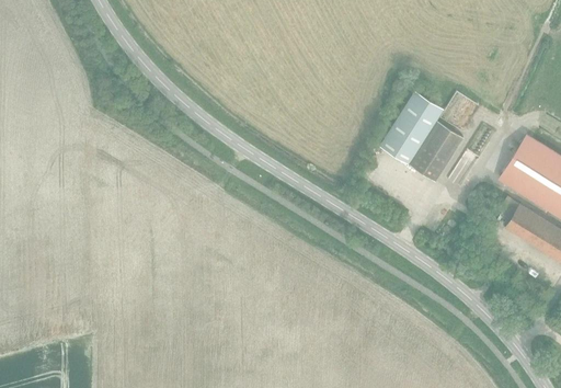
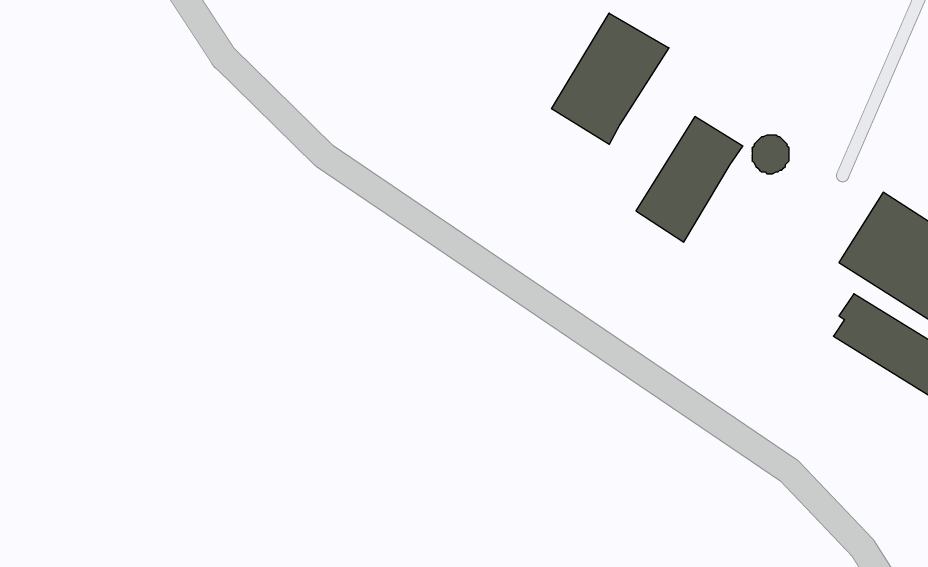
building: none -> [552,13,669,144]
building: [409,121,463,182] -> none

